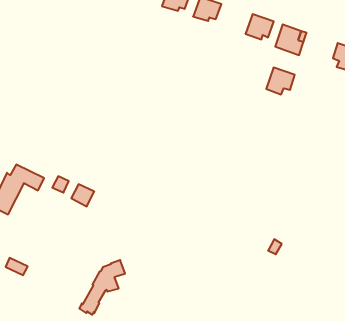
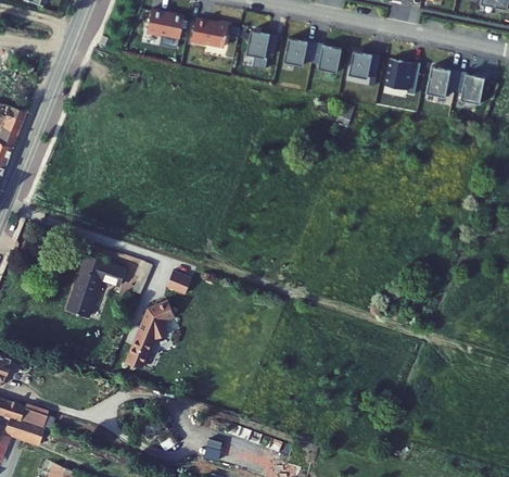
building: none -> [310,42,341,72]
building: [266,68,295,94] -> [425,66,457,97]
building: [79,260,125,315] -> [125,300,174,368]

